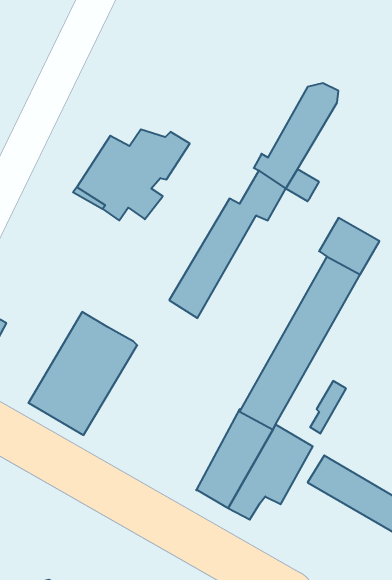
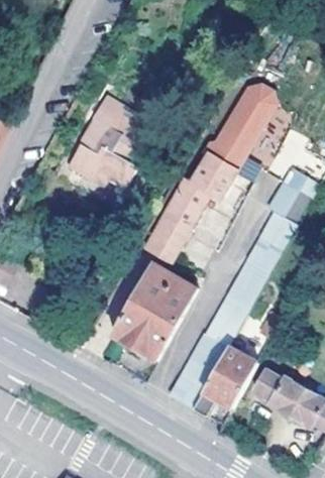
building: [28,312,137,435] -> [113,265,199,362]

